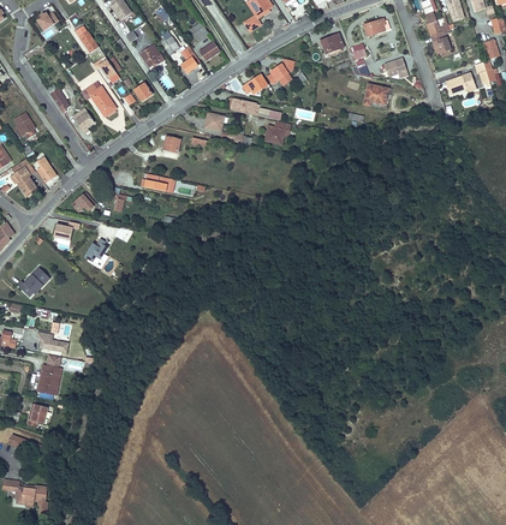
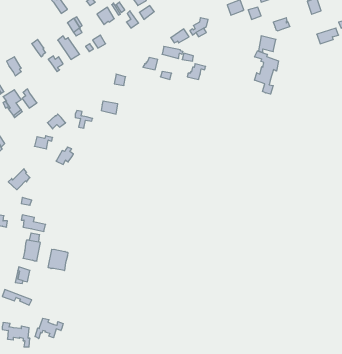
building: none -> [255,51,279,94]
building: none -> [48,249,68,271]
building: none -> [35,318,63,339]

